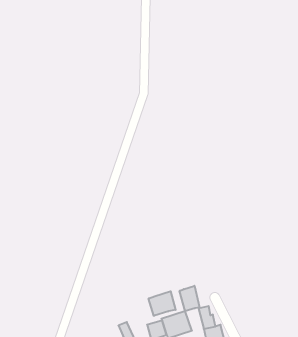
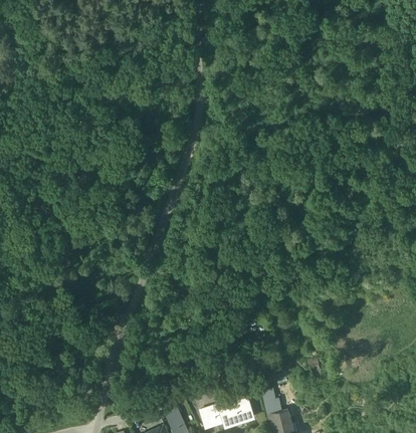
building: [180,286,200,311] -> none
building: [149,291,176,316] -> none

